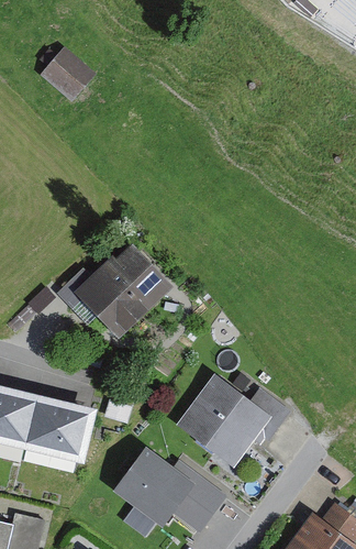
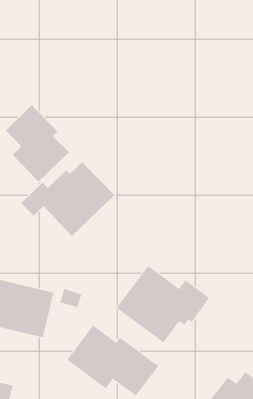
building: [38,50,96,106] -> none
building: none -> [5,104,70,183]

